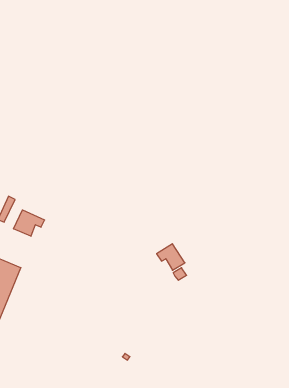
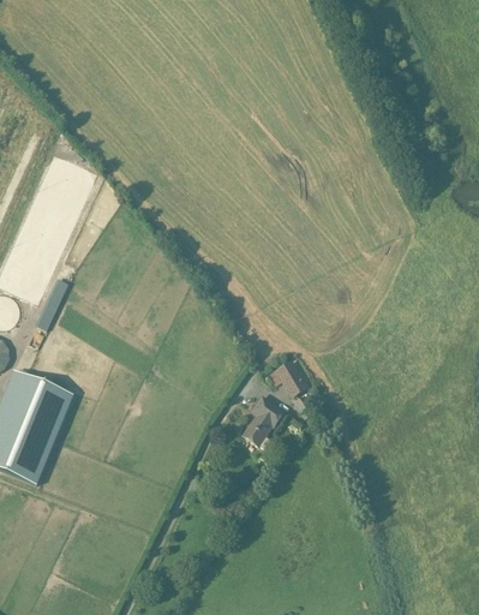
building: [14,210,45,236] -> none
building: none -> [244,394,283,447]

